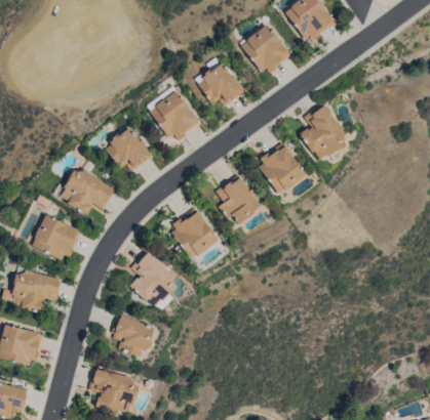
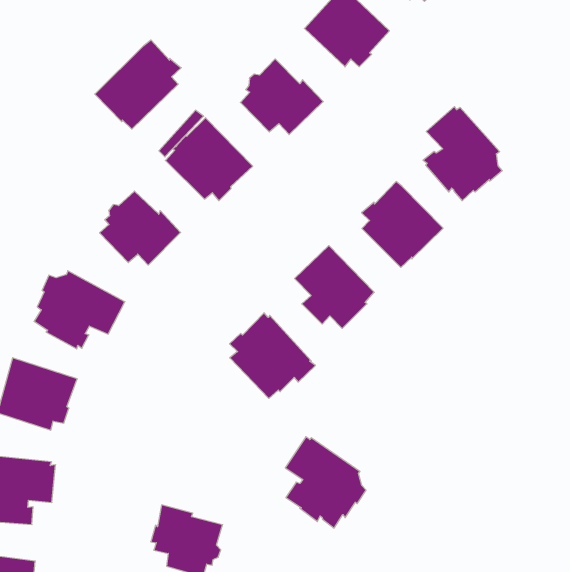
building: none -> [95,40,181,129]
building: [129,251,177,306] -> [285,437,366,528]

